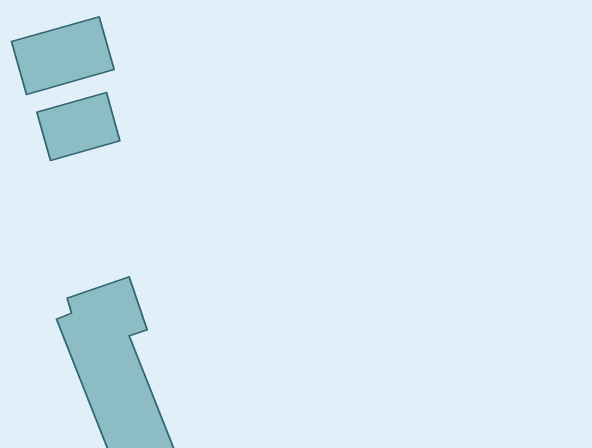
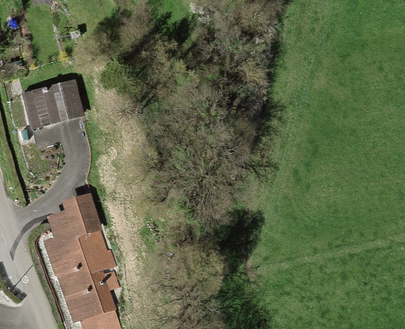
building: [11,17,114,94] -> none

